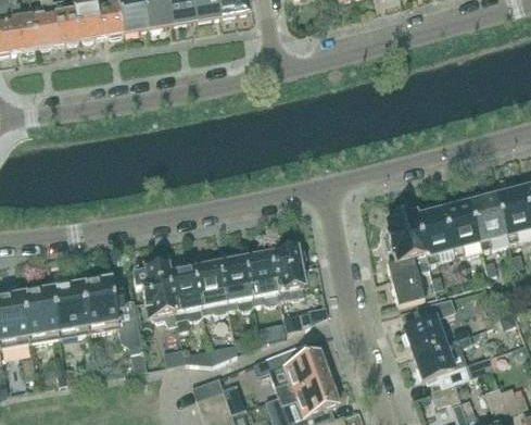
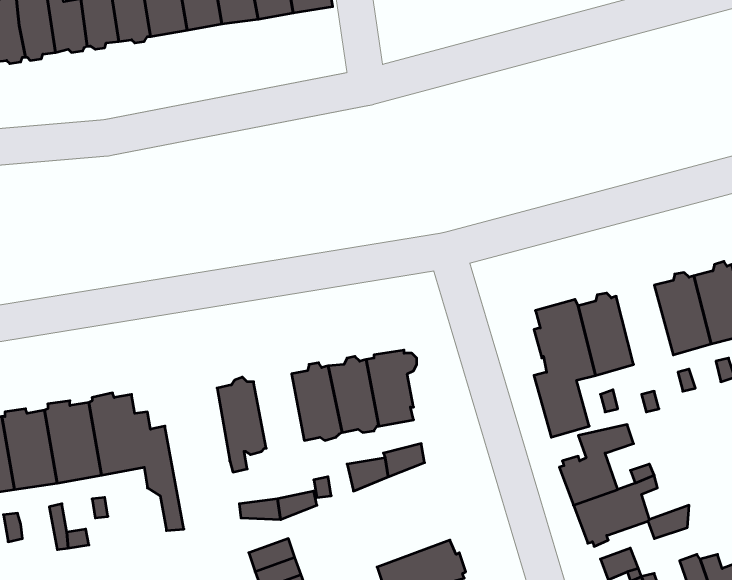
building: [443,200,482,257] -> none
building: [194,261,229,314] -> none
building: [134,263,178,325] -> none
building: [266,341,329,396] -> none

